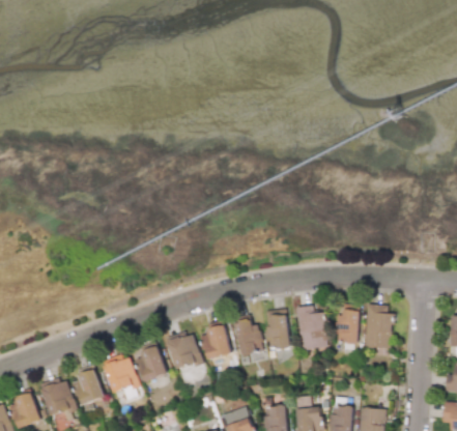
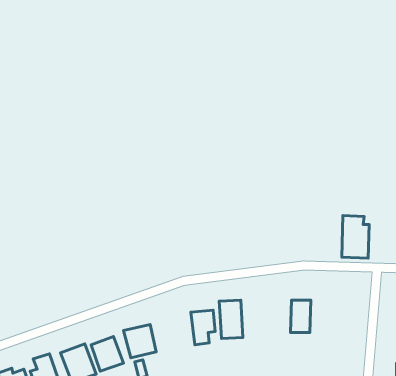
building: [365,304,393,347] -> [342,215,369,258]
building: [298,306,326,349] -> none
building: [203,325,231,358] -> none

